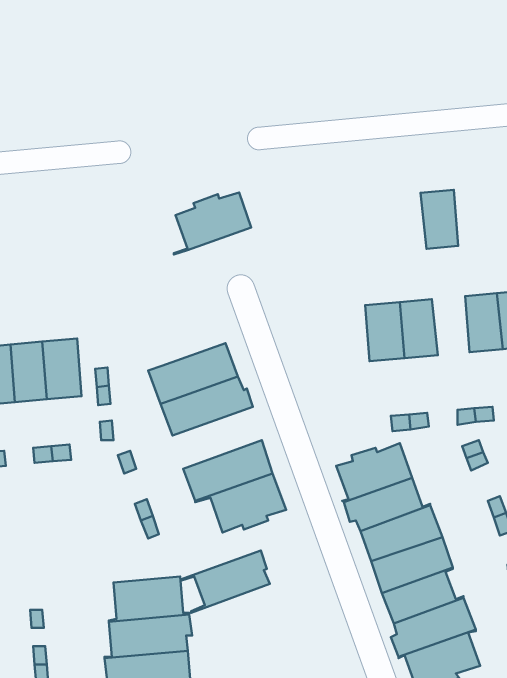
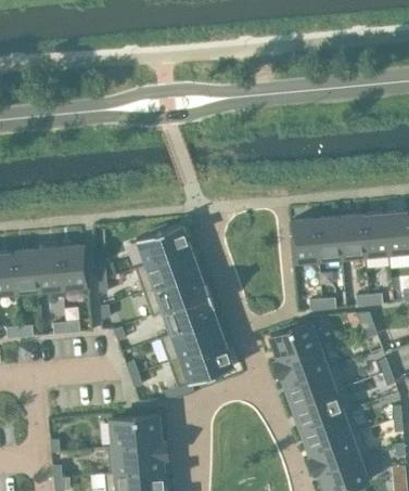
building: [420,190,458,249] -> [337,216,365,258]
building: [174,193,251,255] -> [135,224,190,269]
building: [181,551,270,613] -> [152,295,216,339]

